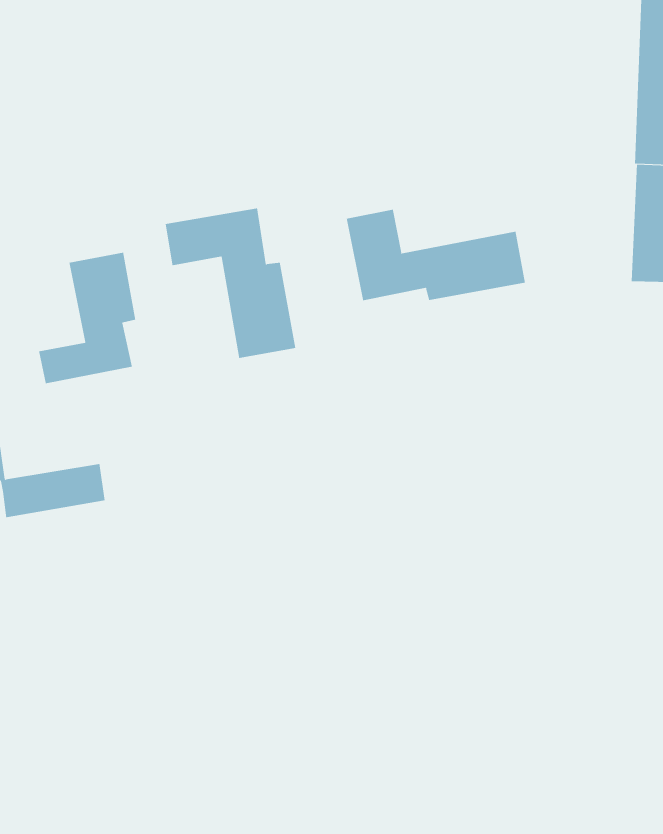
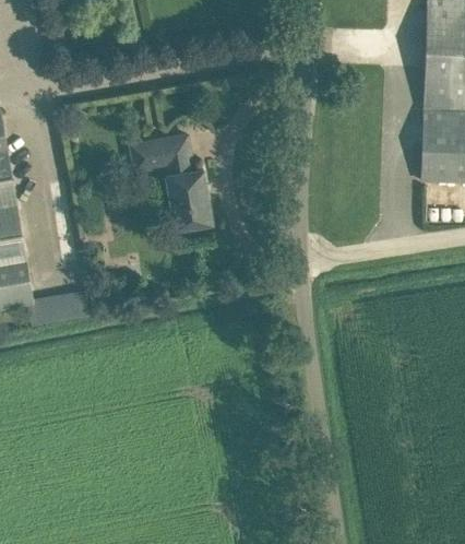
building: [346,209,525,301] -> none
building: [39,252,136,384] -> none

